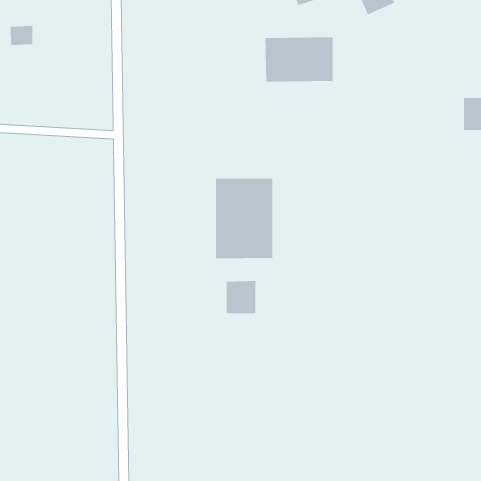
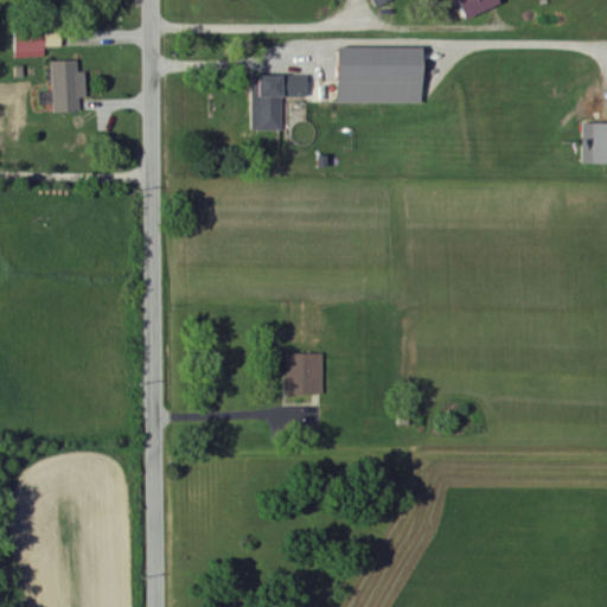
building: none -> [50,59,87,111]
building: none -> [251,75,306,129]
building: [216,178,273,259] -> none

